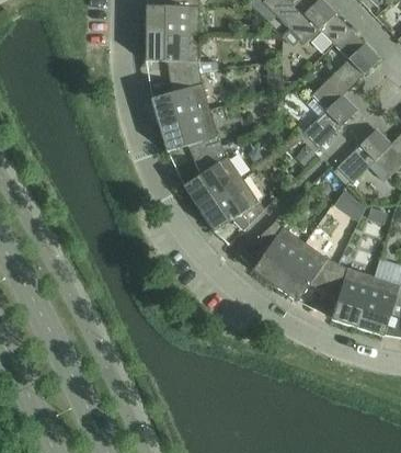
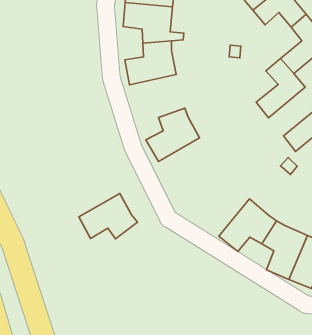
building: [158,109,222,159] -> none
building: [198,178,265,231] -> [79,193,138,239]
building: [251,218,305,286] -> none

